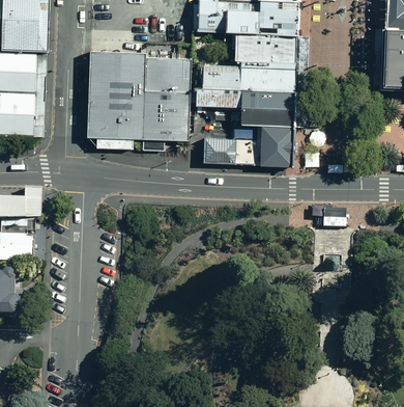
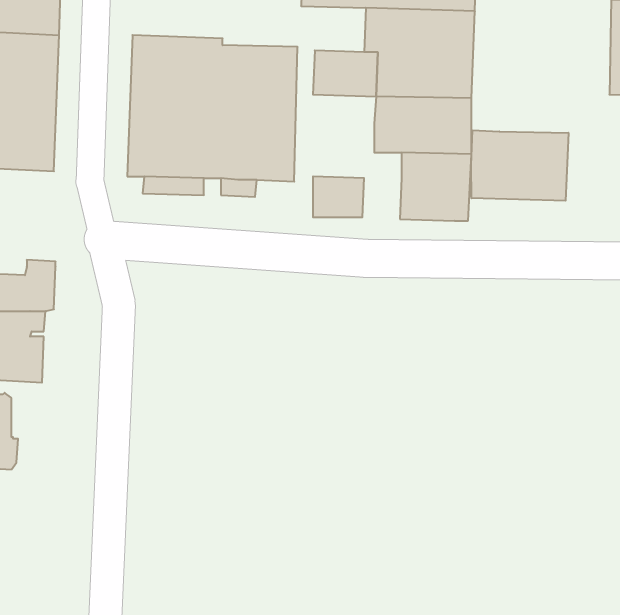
building: [193,86,237,105] -> none
building: none -> [471,130,568,201]
building: [229,138,253,163] -> none

